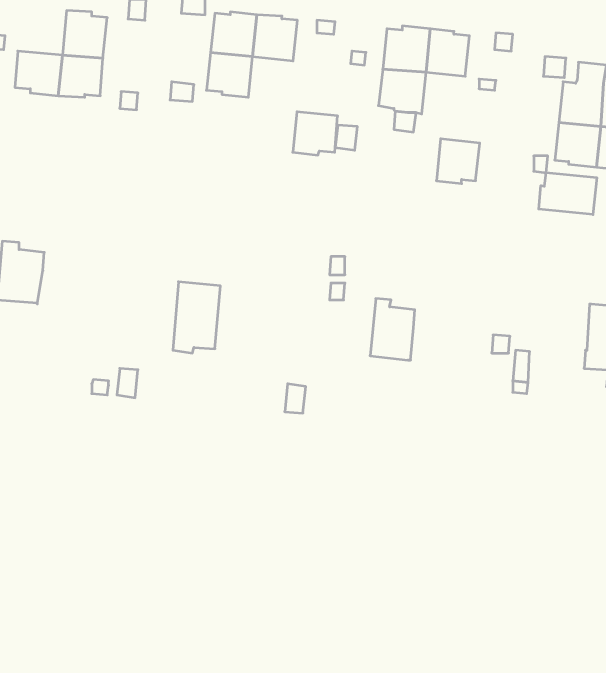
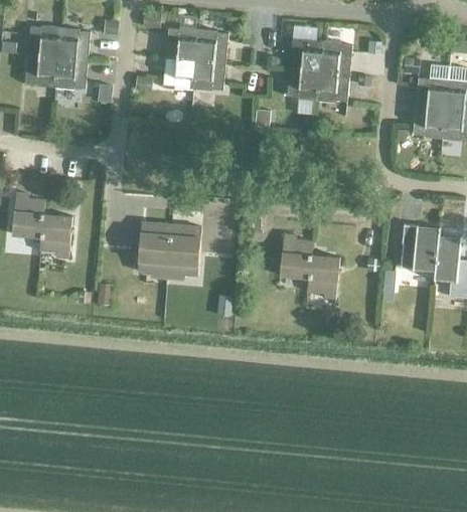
building: none -> [26,24,61,58]
building: [293,112,338,155] -> [192,59,224,91]
building: [436,139,480,184] -> [317,70,348,103]
building: [539,173,597,215] -> none
building: none -> [38,213,71,258]
building: none -> [168,224,202,277]
building: none -> [401,225,440,271]
building: none -> [306,254,339,299]

